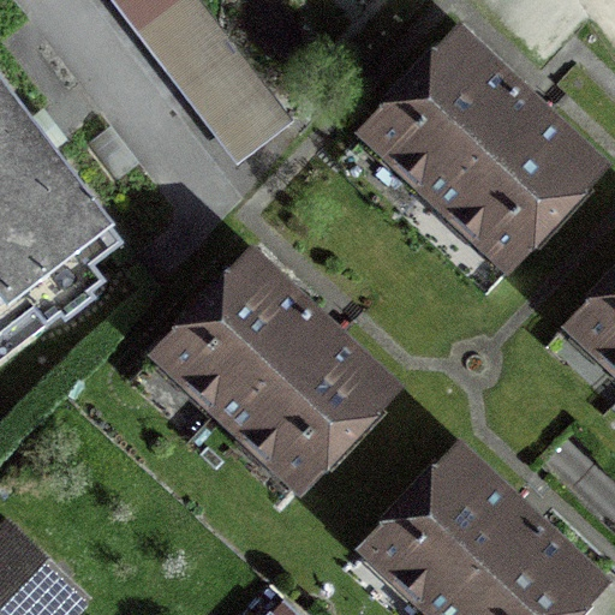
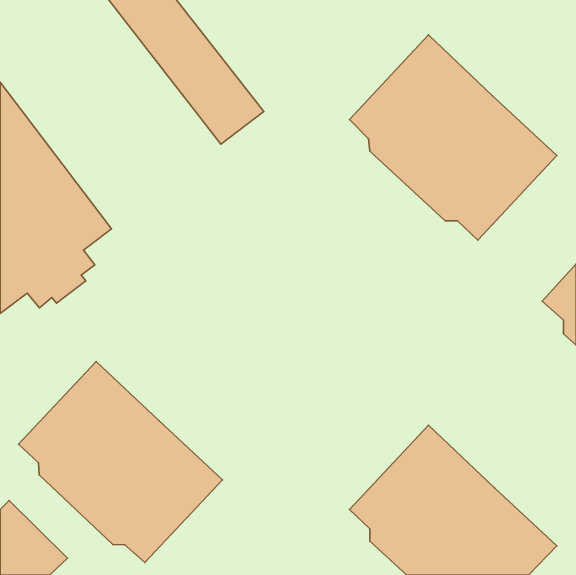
building: [165,259,386,478] -> none
building: none -> [18,361,223,562]

